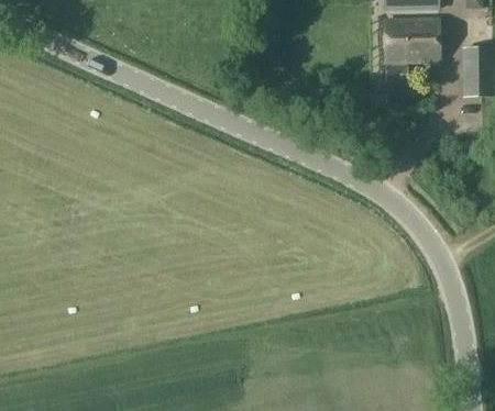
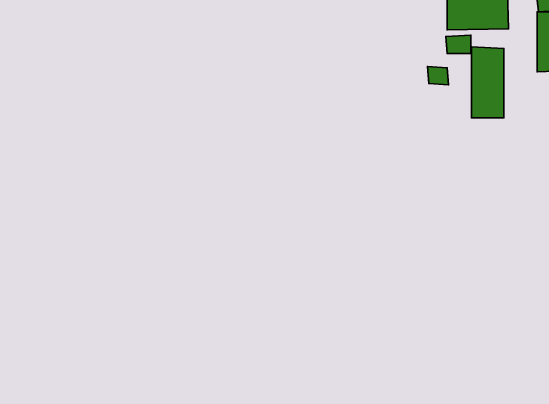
building: none -> [471,47,504,118]

